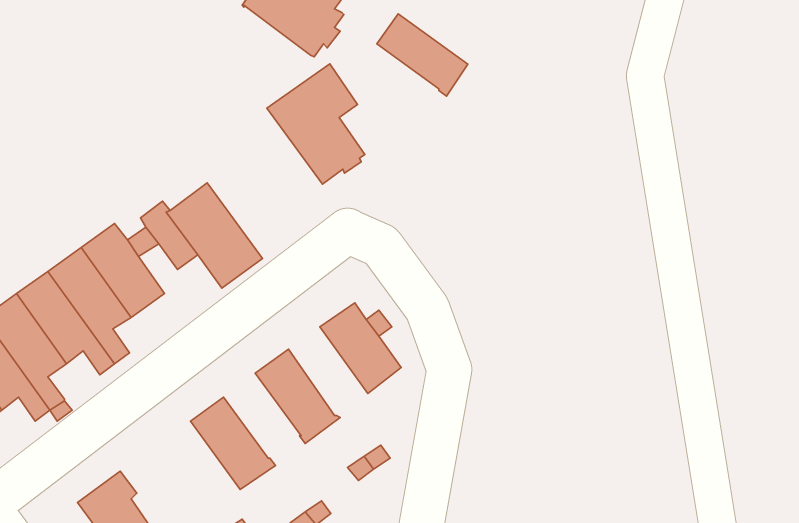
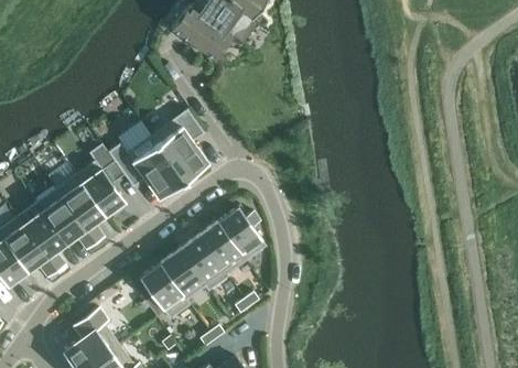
building: [377,14,468,96] -> none
building: [267,64,365,184] -> [151,109,209,181]
building: none -> [199,221,247,274]
building: none -> [161,249,207,300]

